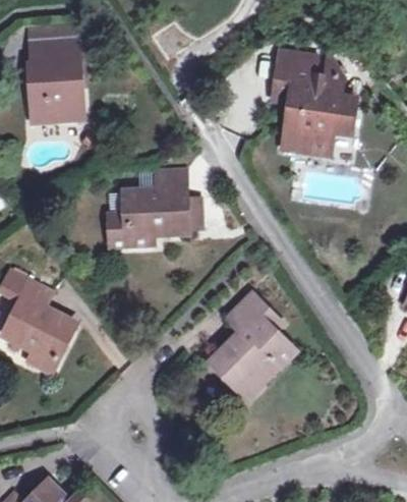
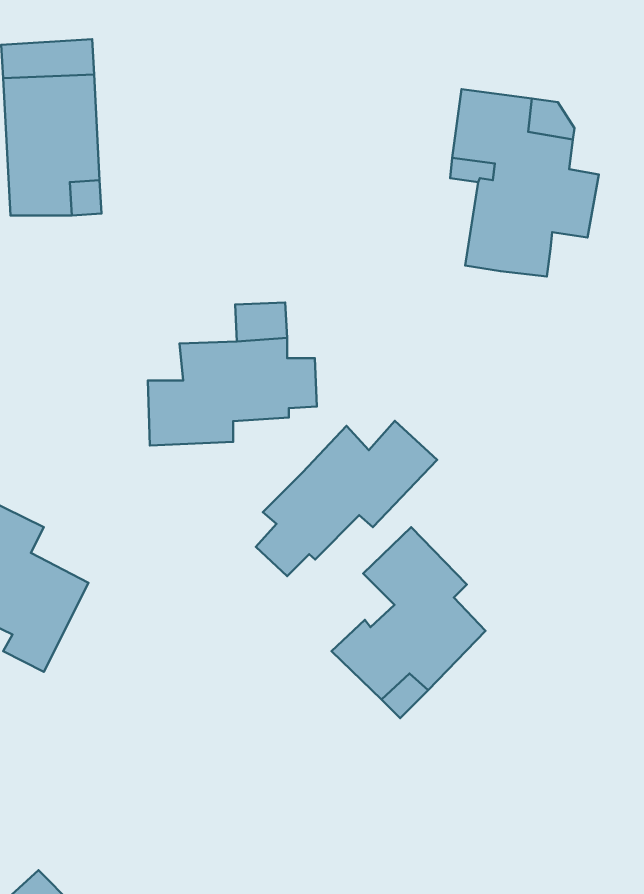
building: none -> [256,421,437,576]

